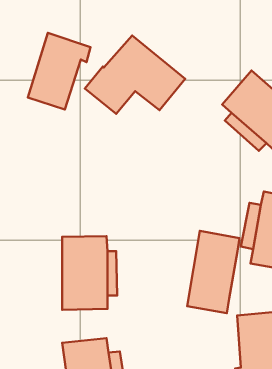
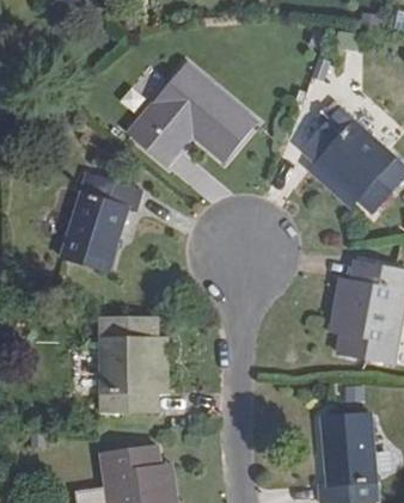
building: [28,33,90,110] -> [61,173,140,270]
building: [187,231,240,313] -> none

